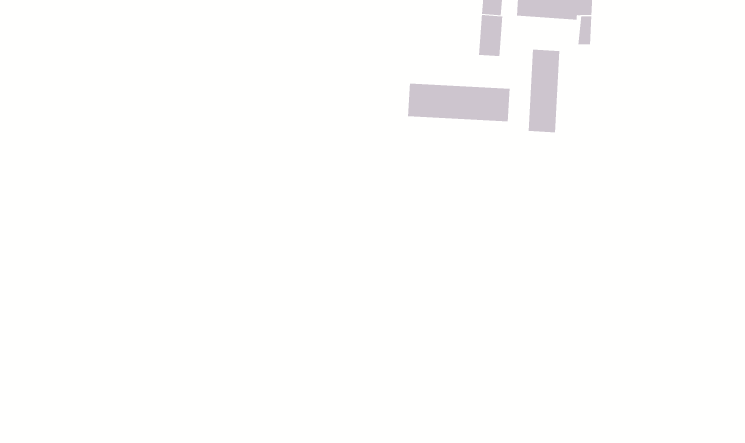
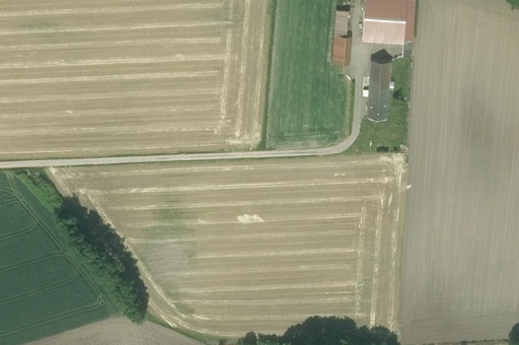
building: [408,83,510,122] -> none

